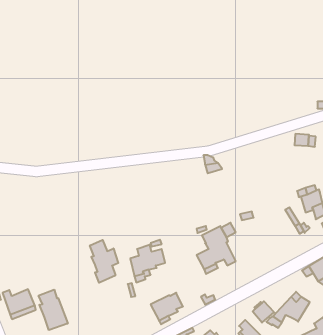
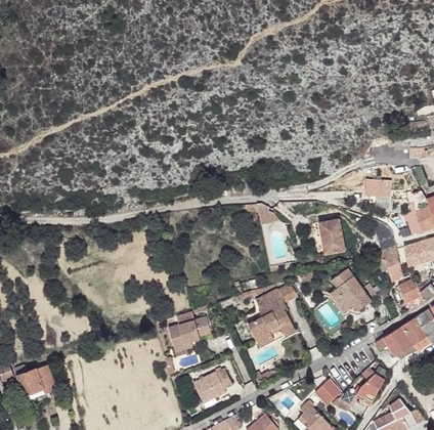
building: none -> [319,219,344,254]
building: none -> [330,268,371,313]
building: [90,240,118,283] -> none
building: [39,290,68,330] -> none

